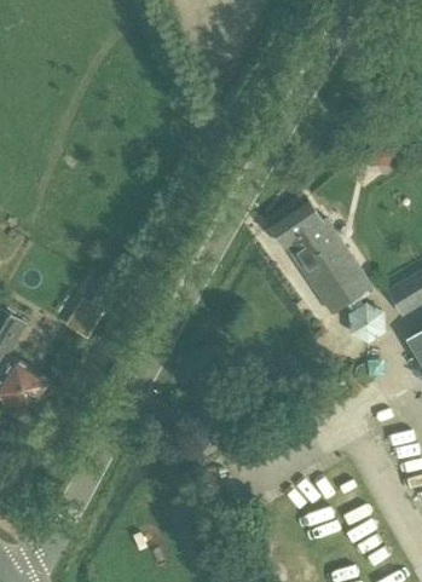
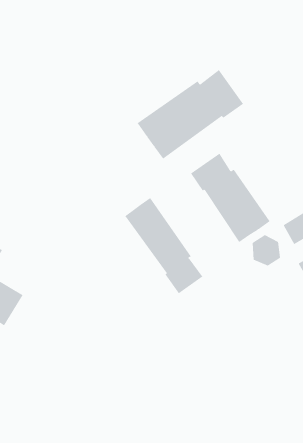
building: none -> [137,69,244,160]
building: none -> [125,197,203,294]

